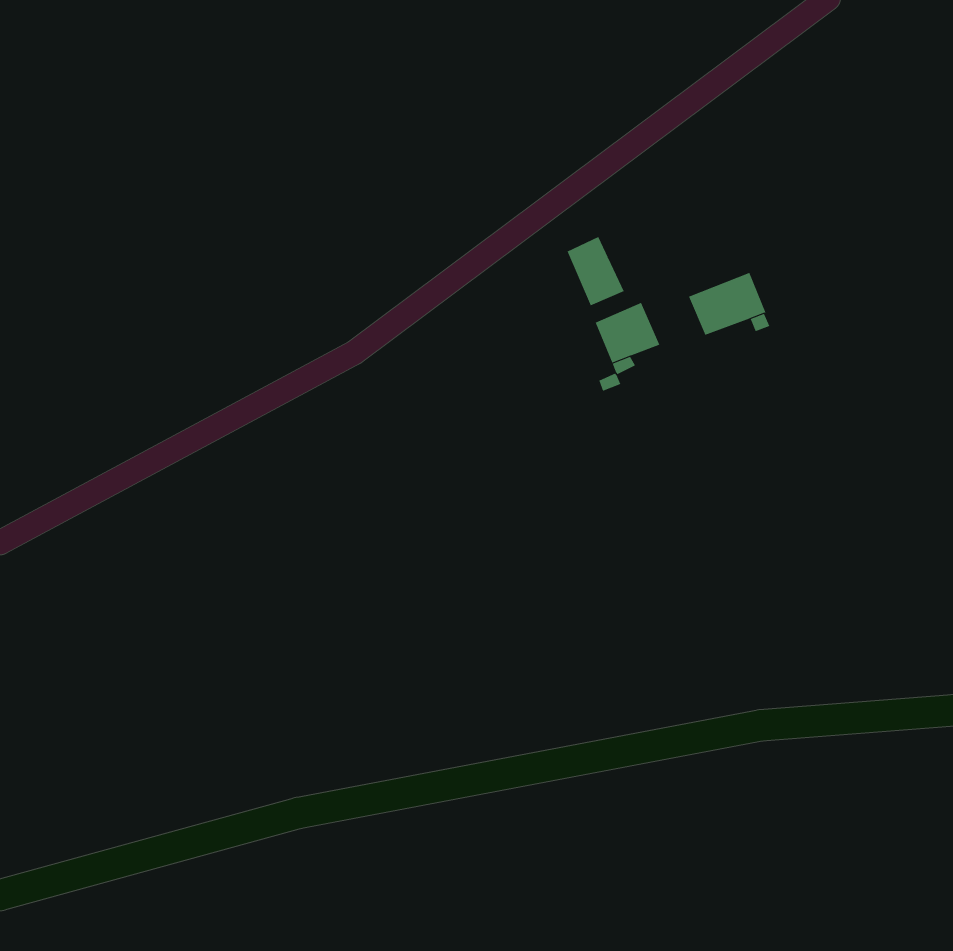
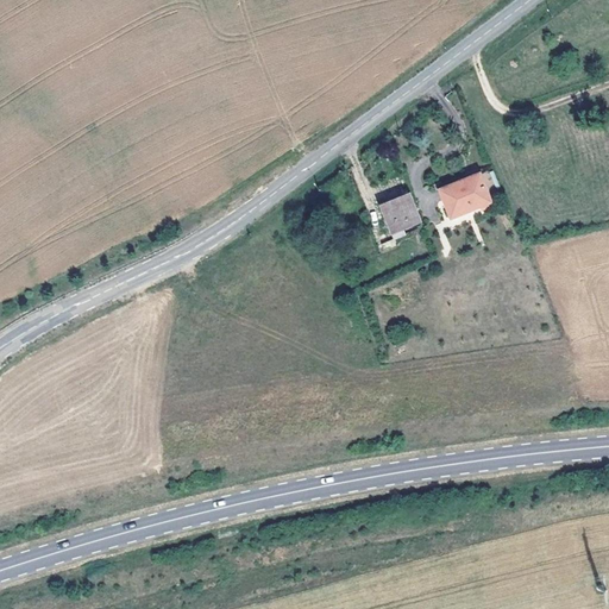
building: [567,236,624,306] -> none

